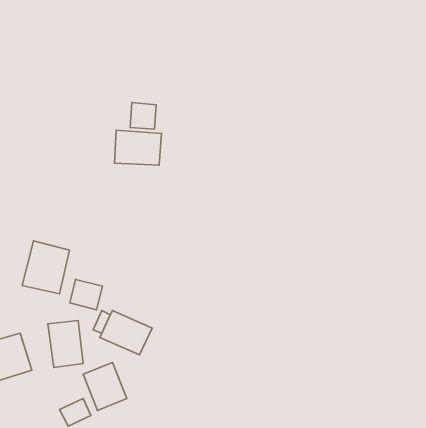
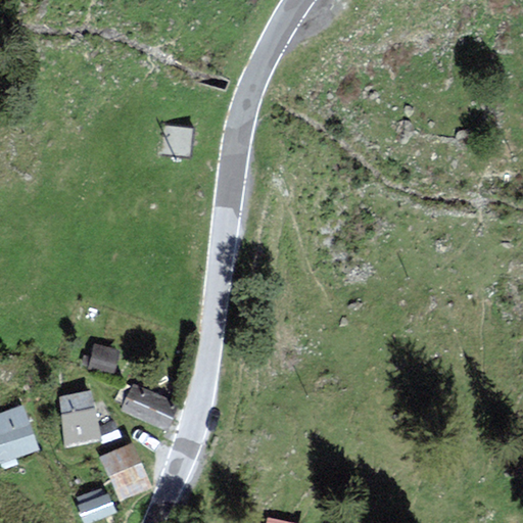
building: [115,130,162,165] -> none
building: [22,241,69,294] -> none

